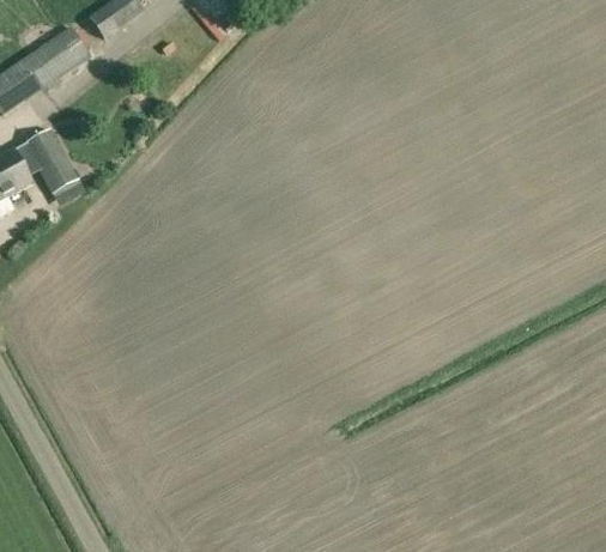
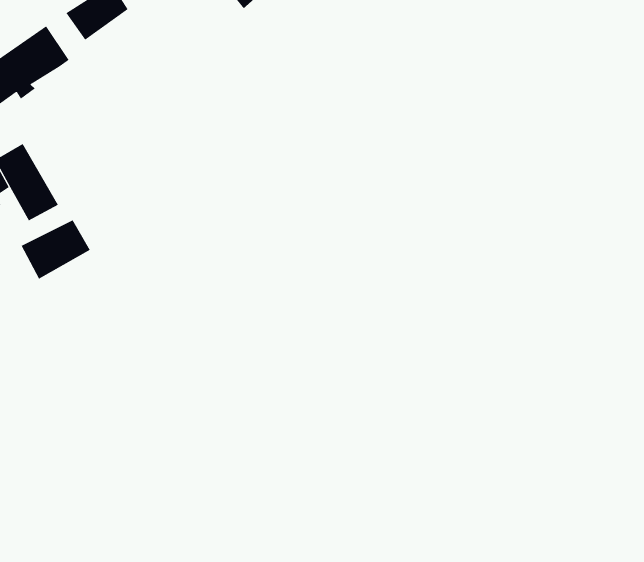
building: none -> [21,219,91,280]

